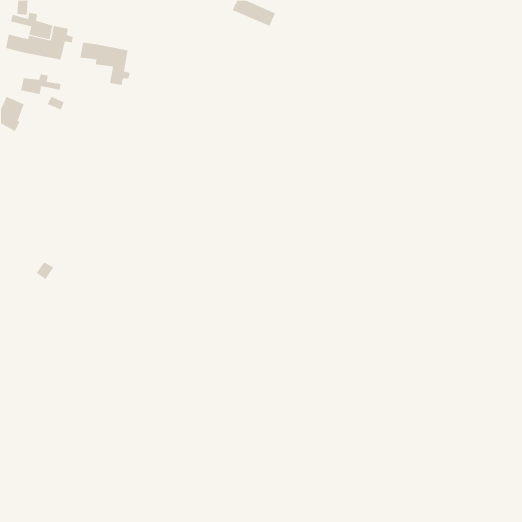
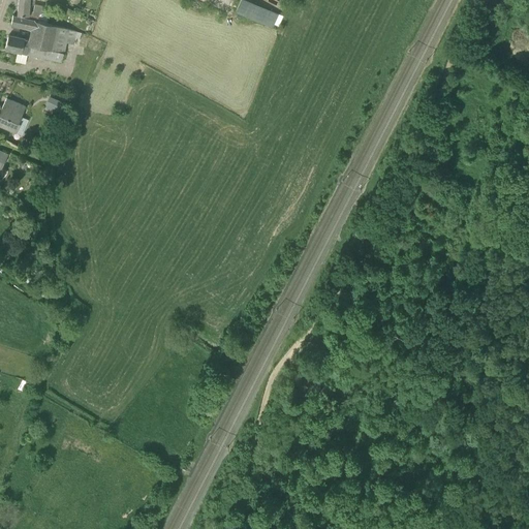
building: [80,42,130,86] -> none
building: [21,74,61,95] -> none

